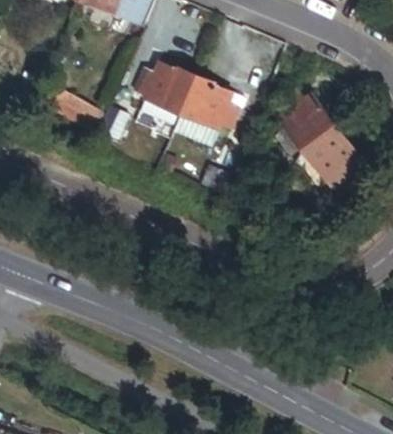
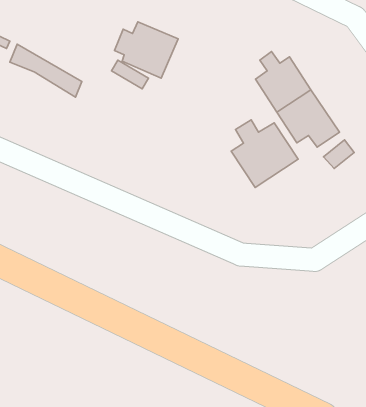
building: [184,78,241,131] -> none
building: none -> [231,120,298,187]

